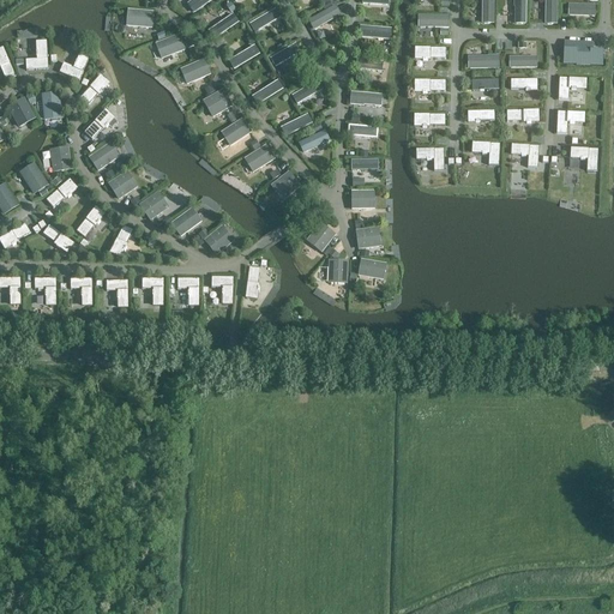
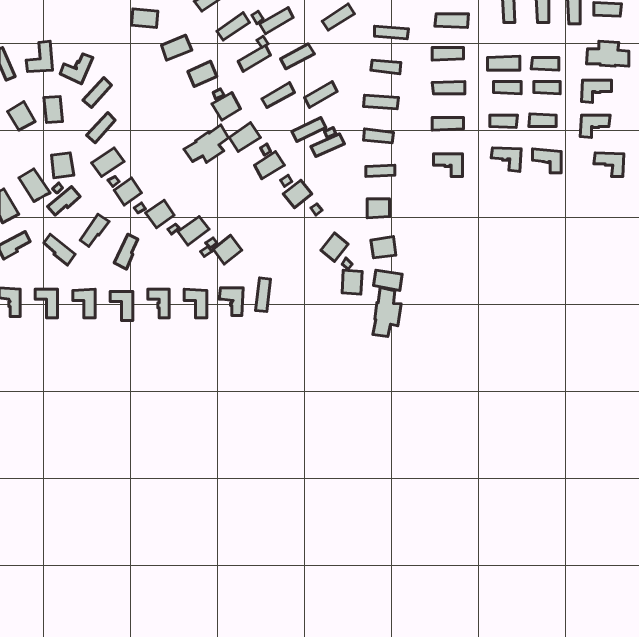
building: none -> [184,125,228,162]
building: none -> [373,288,401,336]

